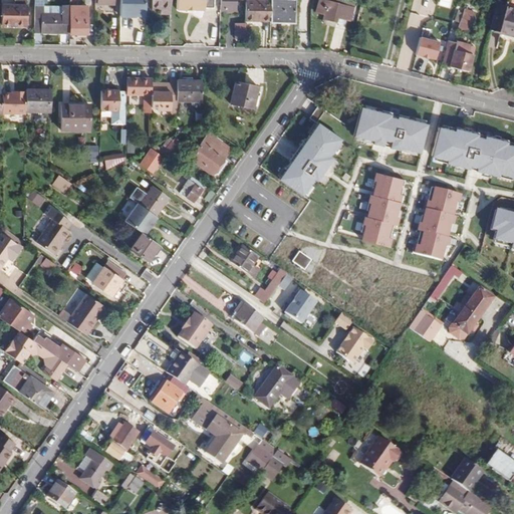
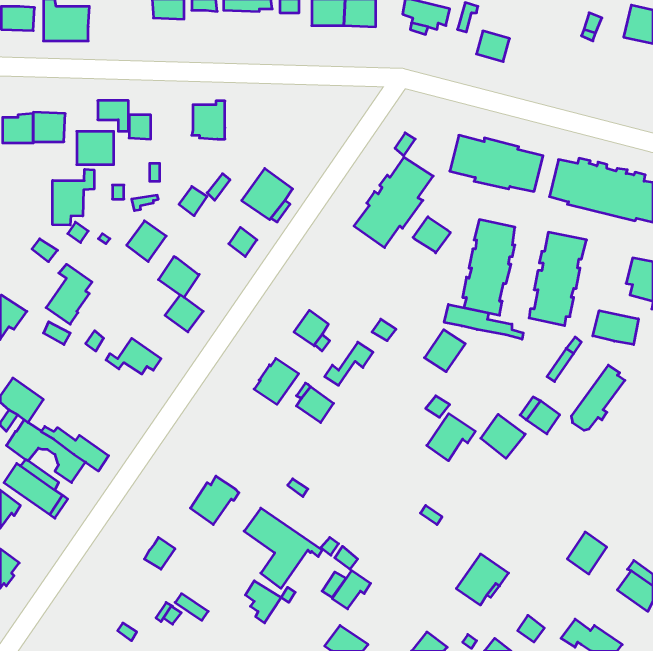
building: [69,5,86,34] -> none
building: [413,36,439,60] -> [476,31,510,62]
building: [450,41,474,70] -> none
building: [127,78,152,102] -> [98,101,128,131]
building: [177,79,202,101] -> none
building: [230,81,257,107] -> none
building: none -> [53,169,94,225]
building: none -> [413,217,450,253]
building: [139,184,170,216] -> [127,221,166,262]
building: none -> [444,304,523,339]
building: none -> [593,311,638,345]
building: [285,290,317,323] -> [424,330,465,372]
building: [66,293,103,334] -> none
building: [177,312,212,348] -> [254,358,299,404]
building: none -> [481,414,525,458]
building: [166,351,210,387] -> none
building: [254,364,291,407] -> none
building: [146,432,174,465] -> [245,581,281,623]
building: [76,449,112,487] -> none
building: [451,458,482,491] -> [567,532,607,574]
building: [47,480,75,507] -> none

